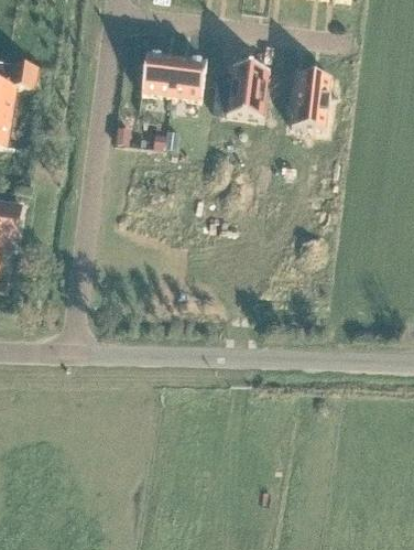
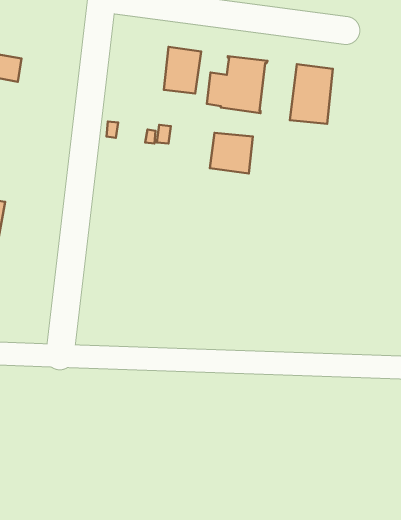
building: [141,52,176,96] -> none
building: none -> [210,133,253,173]

